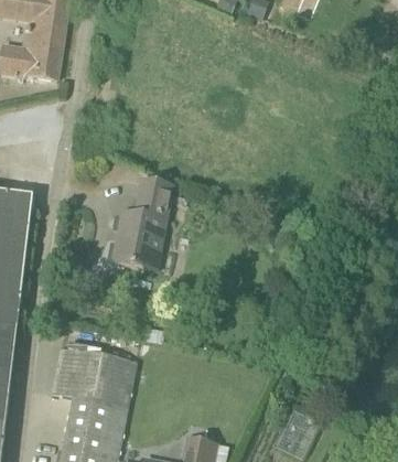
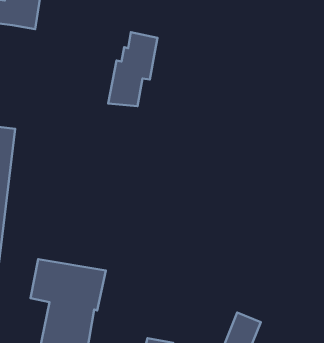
building: [115,179,172,265] -> [108,32,158,106]

